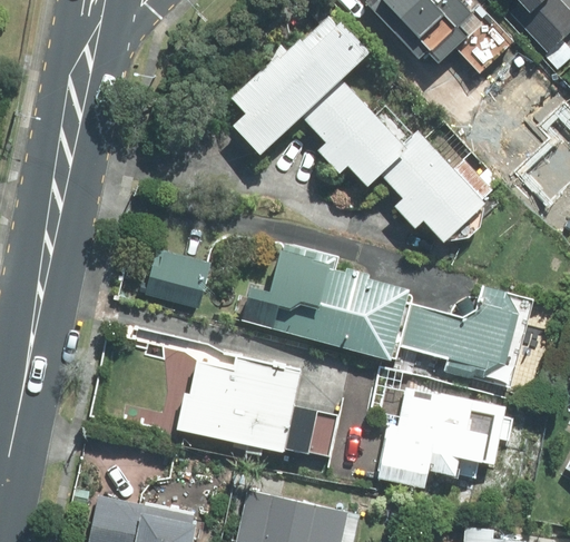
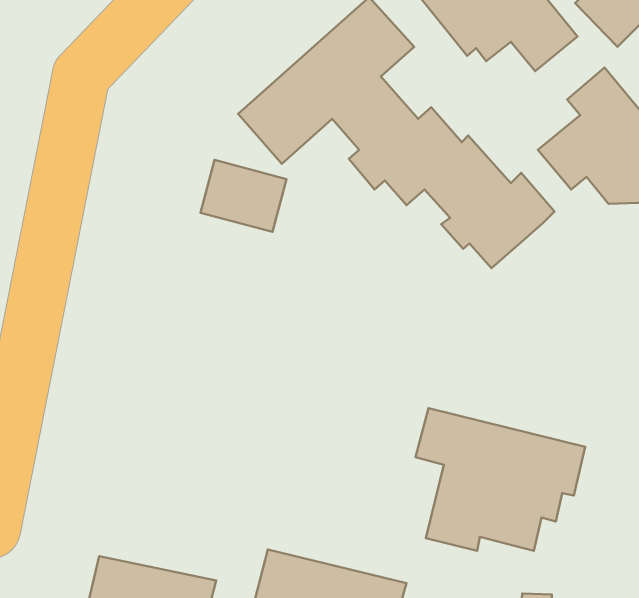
building: [137,248,212,311] -> [200,160,287,232]
building: [233,250,533,386] -> none
building: [176,355,336,455] -> none

